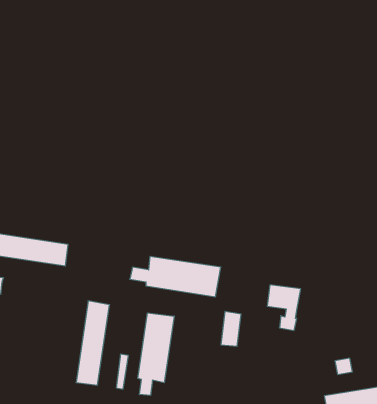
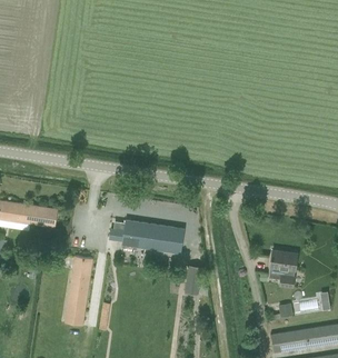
building: [267,285,301,330] -> [270,249,298,287]
building: [138,313,174,395] -> none

